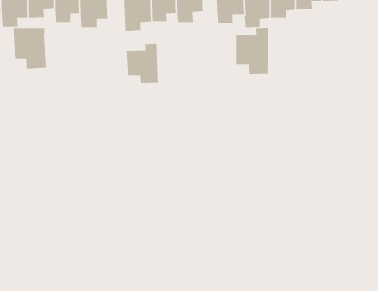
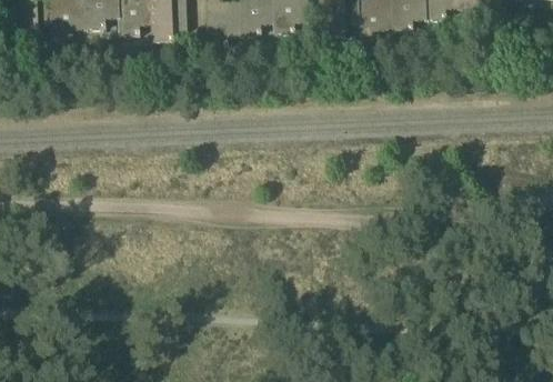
building: [236,27,269,75] -> none
building: [13,27,47,70] -> none
building: [126,43,159,84] -> none

